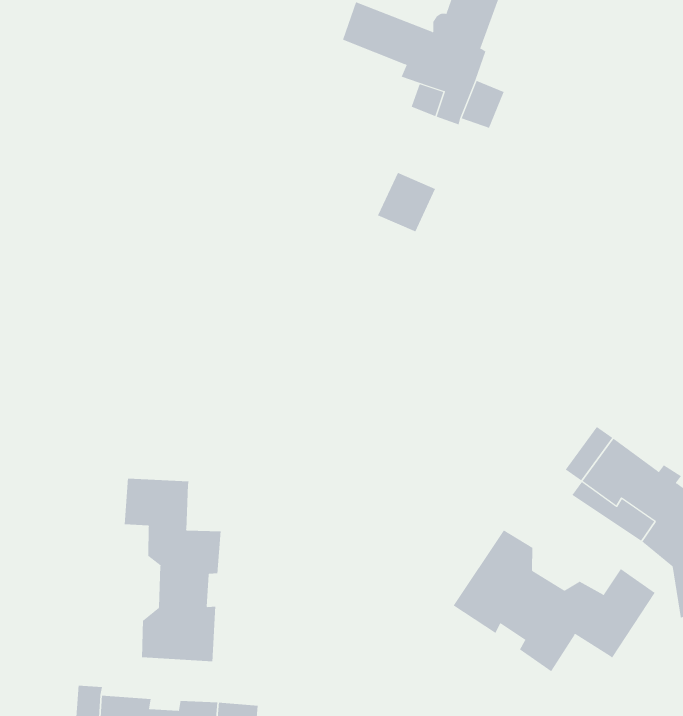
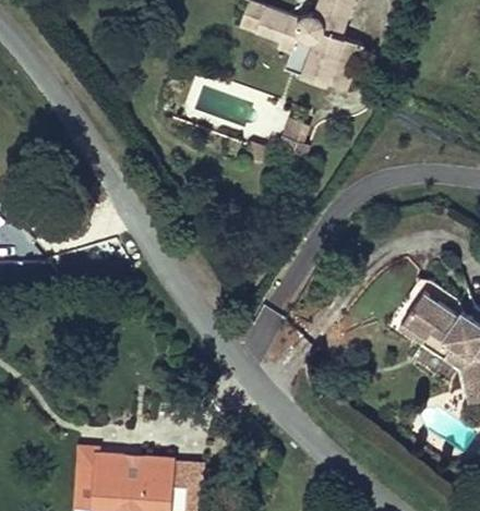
building: [124,478,221,662] -> none
building: [453,530,655,672] -> none

